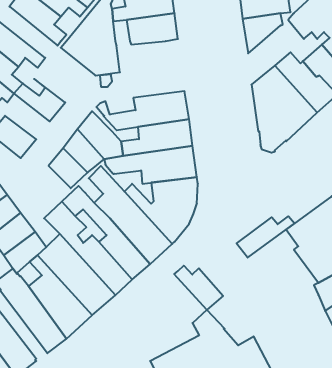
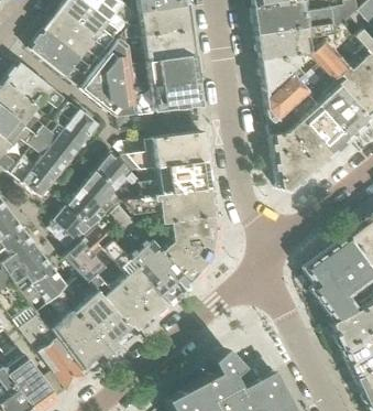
building: none -> [266,66,317,125]
building: none -> [136,79,200,112]
building: none -> [55,101,99,142]
building: none -> [26,133,70,179]
building: none -> [50,205,91,248]
building: [237,216,294,258] -> none
building: [174,266,223,310] -> none

